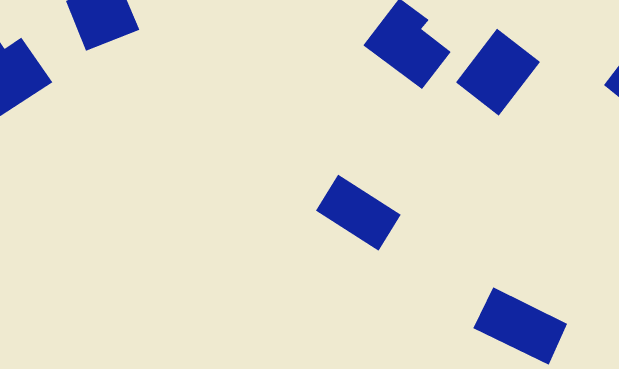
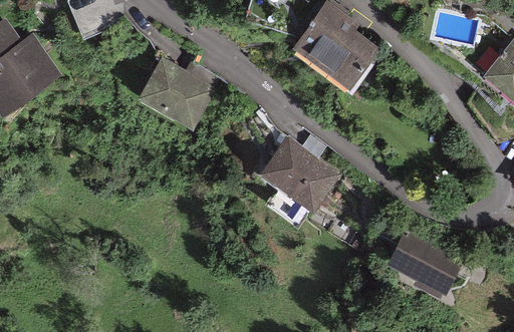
building: [455,28,541,117] -> none
building: none -> [139,60,218,126]

